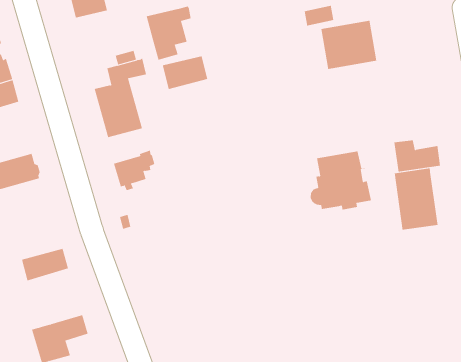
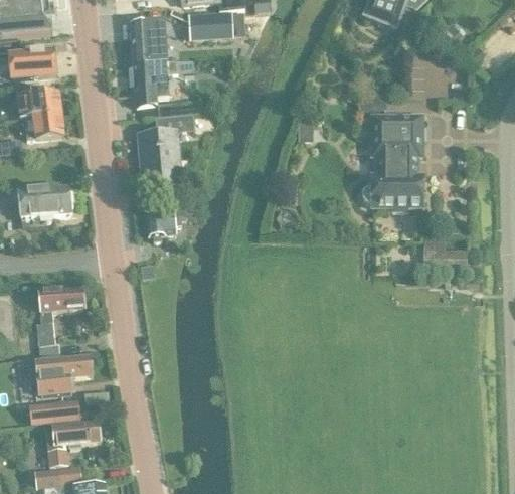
building: [146,6,192,60] -> [133,58,177,107]
building: [162,56,208,90] -> none
building: [310,151,372,210] -> [362,155,422,210]
building: [394,168,438,231] -> none
building: none -> [36,320,59,355]

